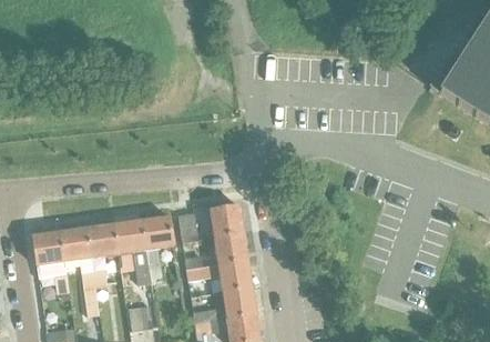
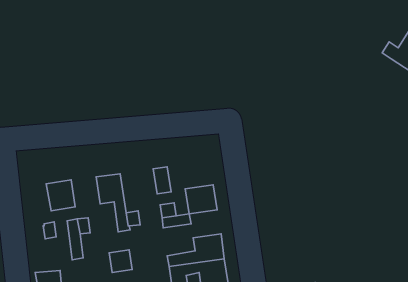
building: [208,207,243,238] -> none
building: [140,218,173,251] -> none
building: [85,224,118,258] -> none
building: [32,232,63,265] -> none
building: [216,261,252,292] -> none

